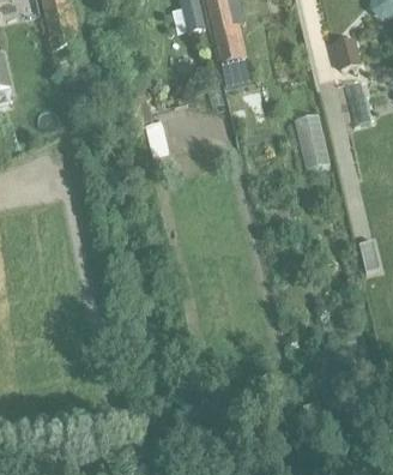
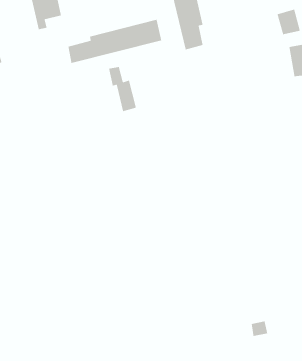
building: none -> [67,19,162,64]
building: [292,108,328,163] -> none

